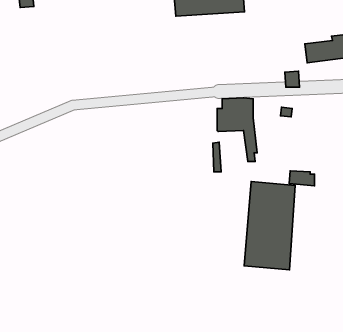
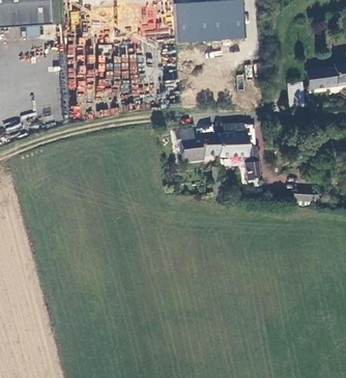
building: none -> [176,127,220,160]
building: [244,182,295,270] -> none

